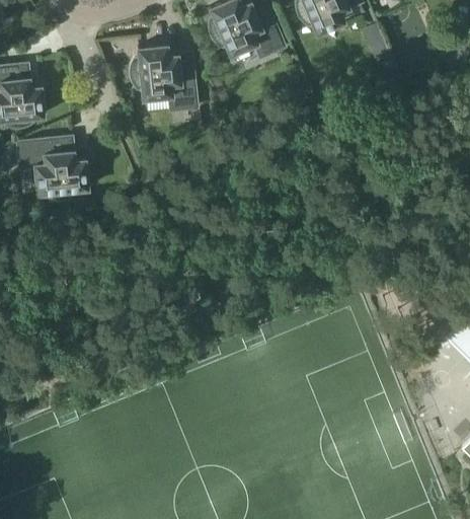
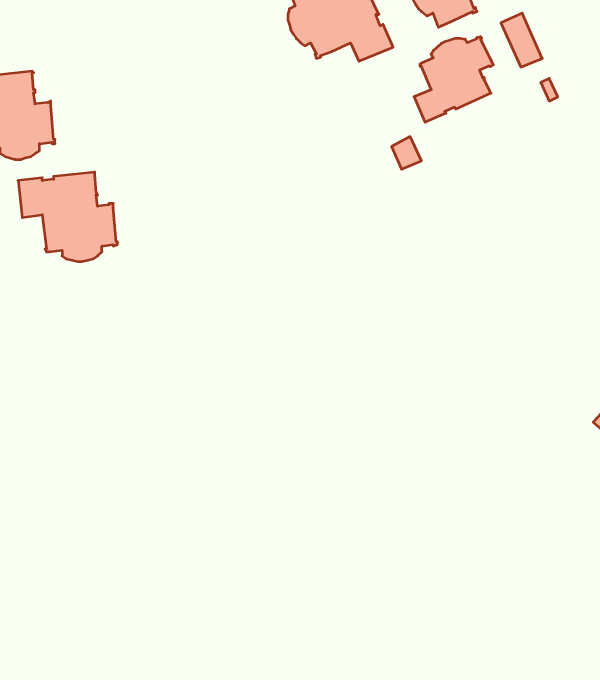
building: none -> [414,37,493,122]
building: [132,45,198,109] -> none

